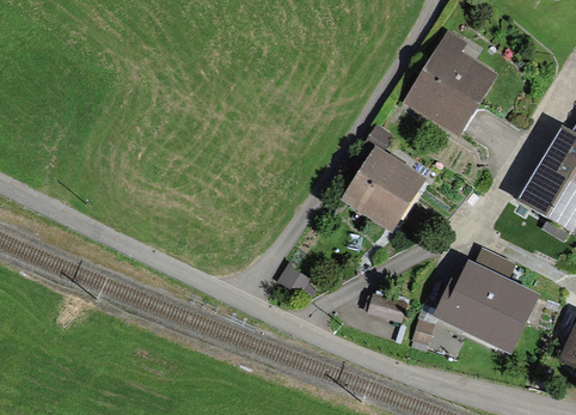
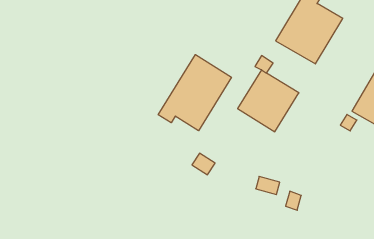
building: none -> [158,55,231,131]
building: [437,266,523,343] -> none

